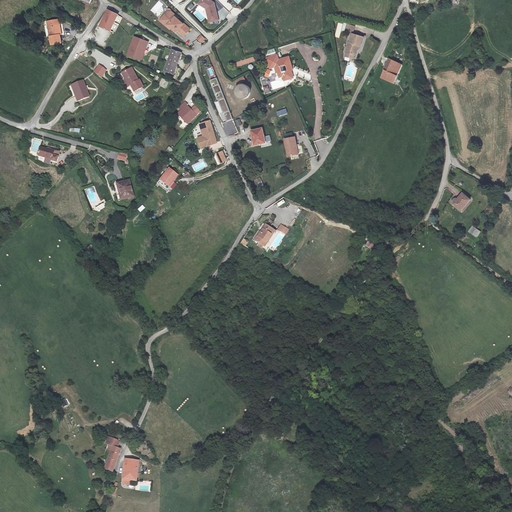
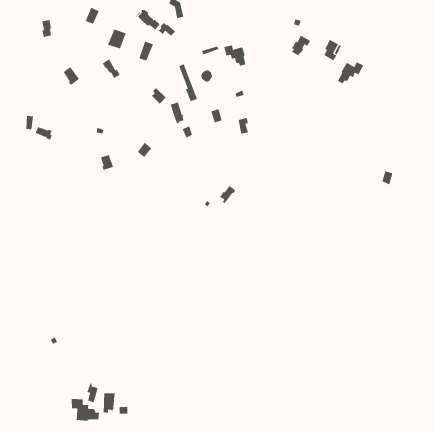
building: none -> [337,62,364,84]
building: none -> [71,398,99,421]

